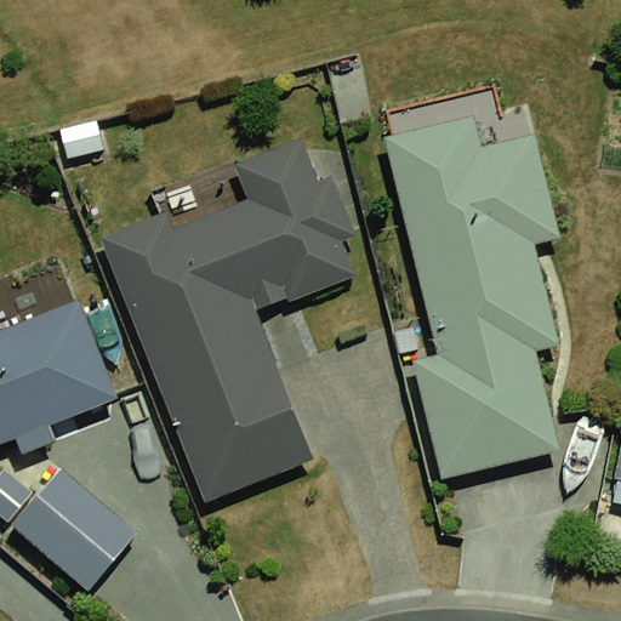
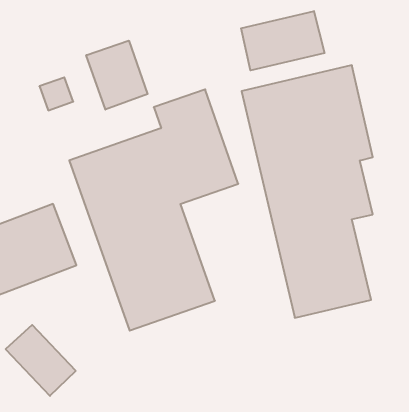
building: none -> [241,11,325,70]
building: none -> [86,41,148,110]

